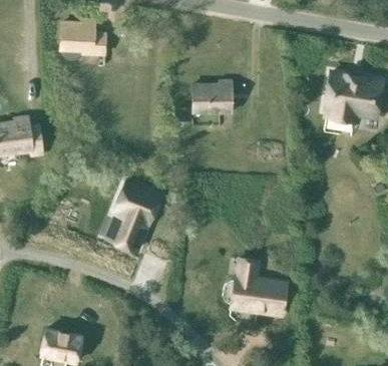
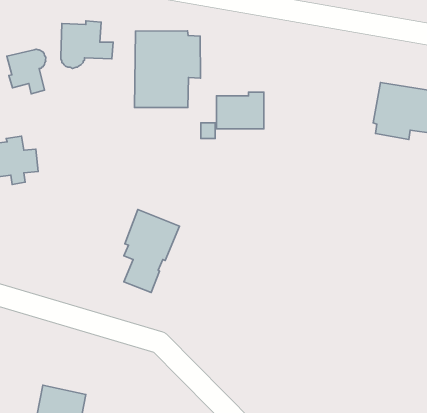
building: none -> [134,31,201,107]
building: none -> [7,49,46,94]
building: [224,257,288,314] -> none

